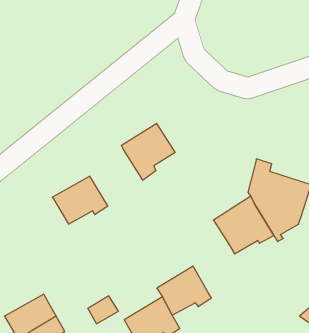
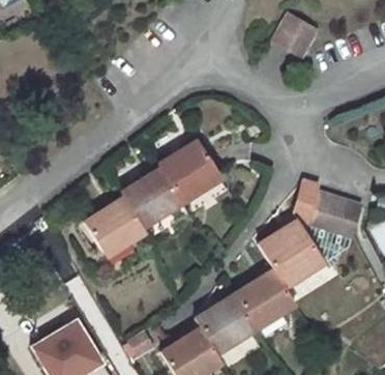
building: none -> [276,12,319,55]
building: none -> [122,169,182,222]
building: none -> [237,271,295,324]

